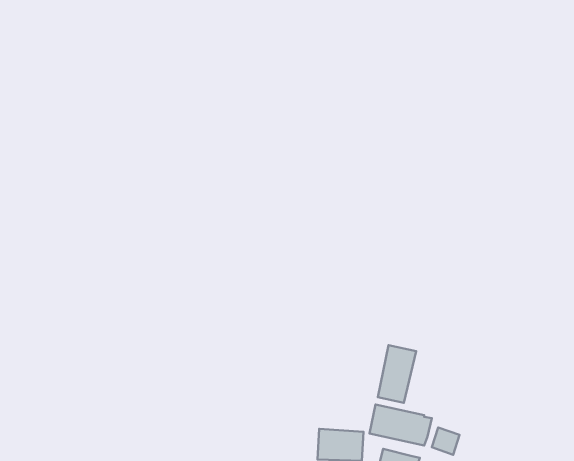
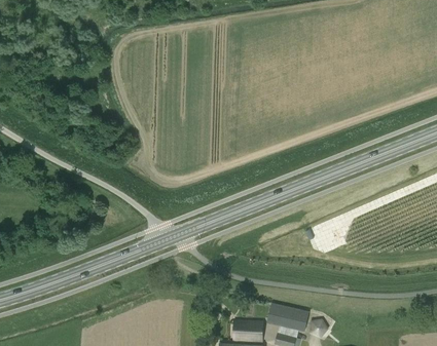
building: [378,345,416,403] -> none

